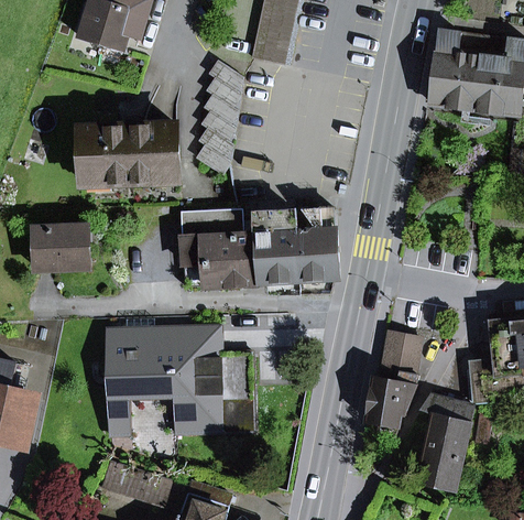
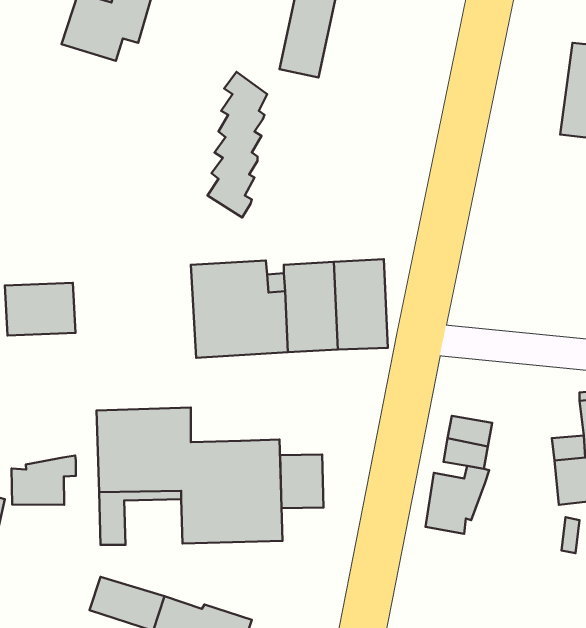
building: [430,32,483,110] -> none
building: [81,127,177,184] -> none
building: [181,326,220,355] -> none
building: none -> [280,454,324,508]
building: none -> [12,455,76,505]
building: [419,396,472,490] -> none

